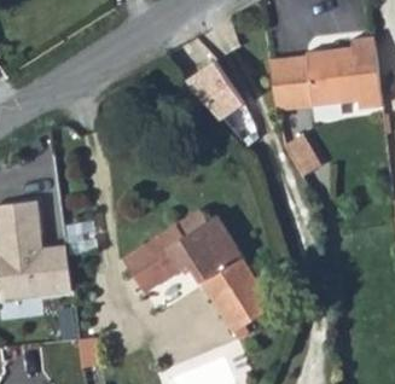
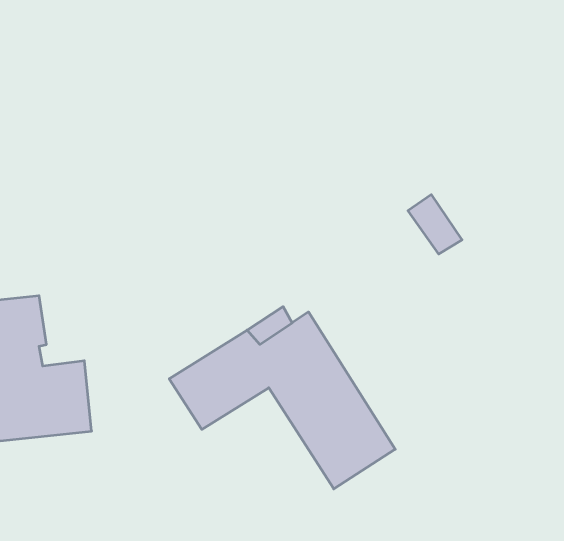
building: [271,39,382,110] -> none
building: [186,58,242,115] -> none

